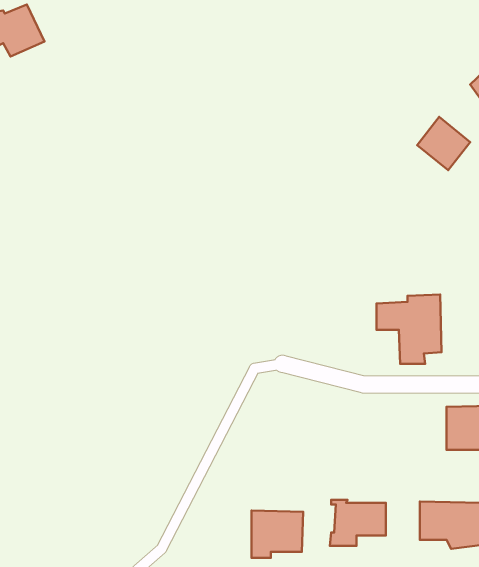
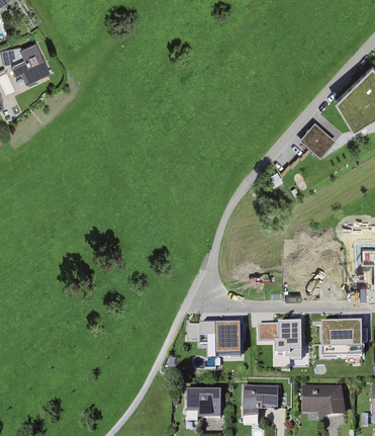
building: [377,294,442,364] -> [257,317,301,364]
building: none -> [199,322,241,354]

